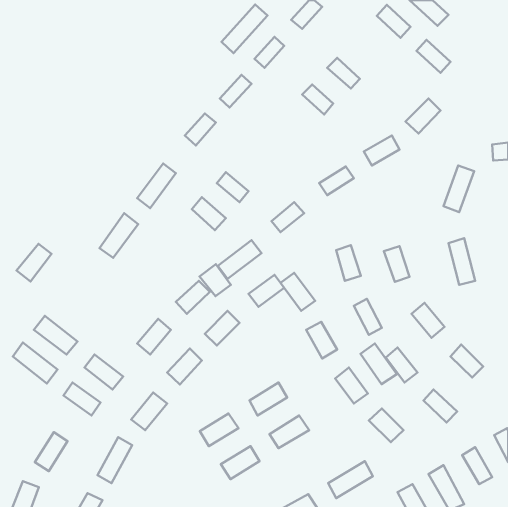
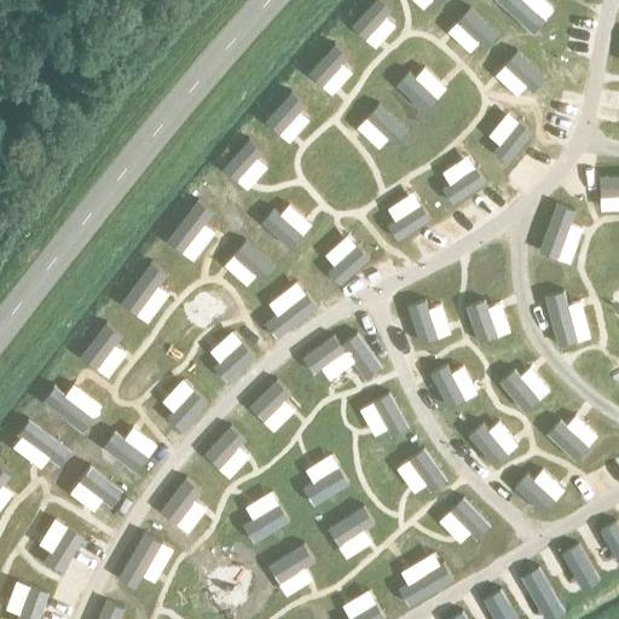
building: [221,5,267,53] -> none
building: [17,244,51,282] -> [80,324,122,370]
building: [200,264,231,296] -> none
building: [360,344,397,384] -> none

